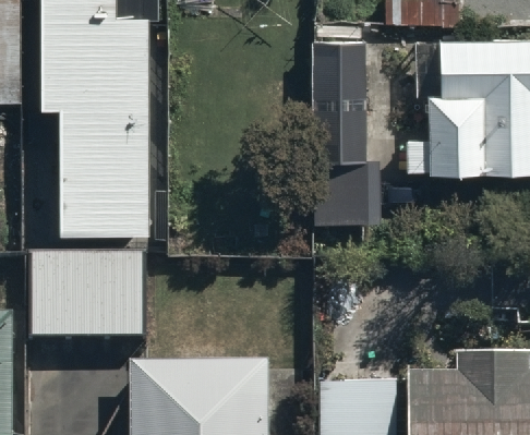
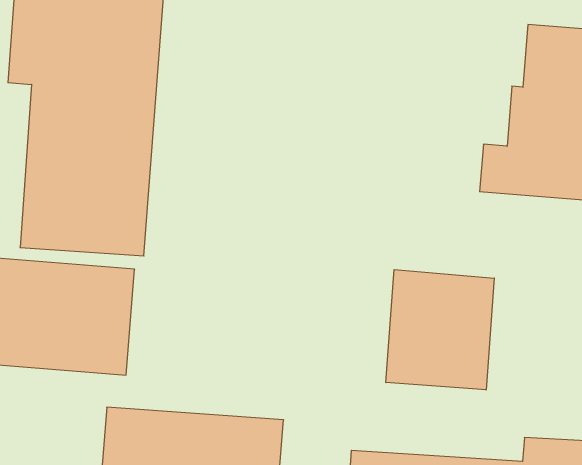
building: [314,38,381,221] -> none
building: none -> [386,270,494,390]

